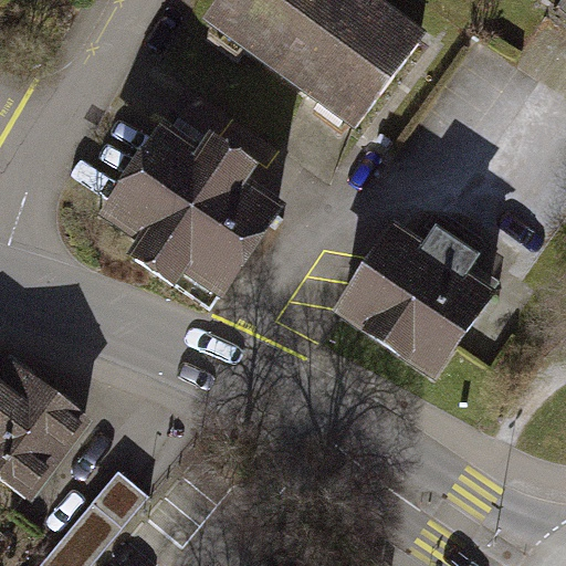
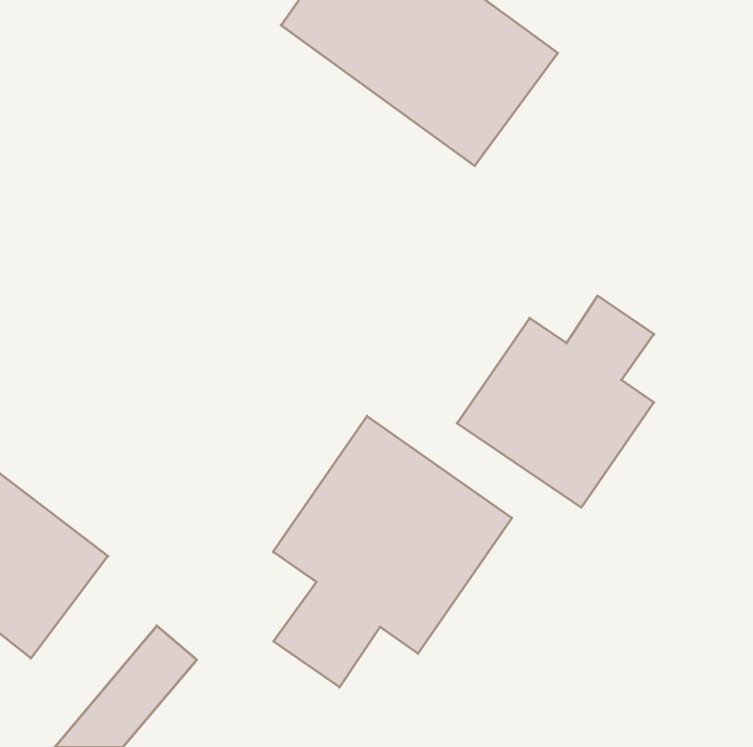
building: [106,132,275,306] -> none
building: none -> [273,416,512,687]

